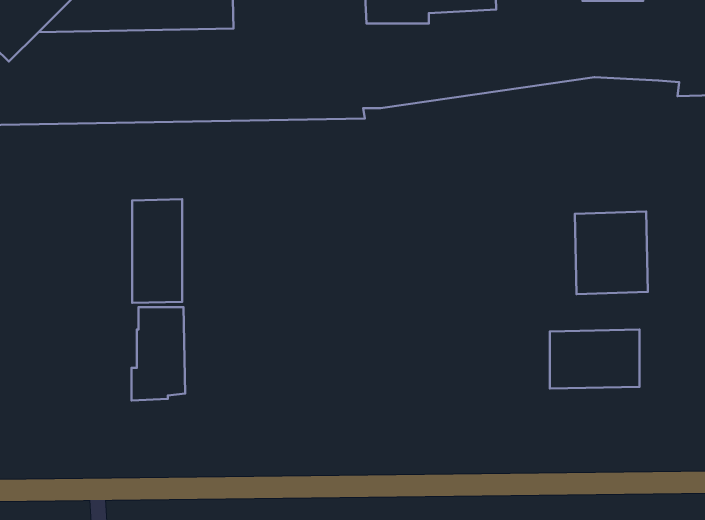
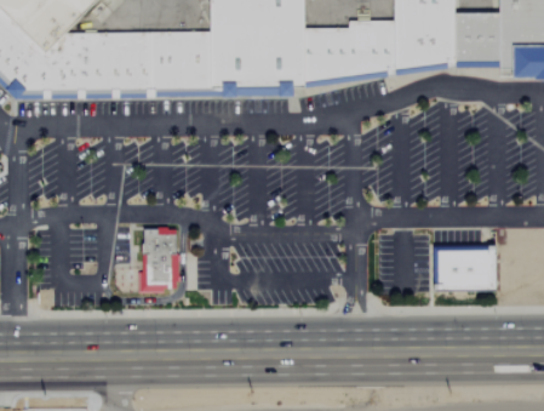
building: [132,199,182,303] -> none
building: [575,212,648,294] -> none

